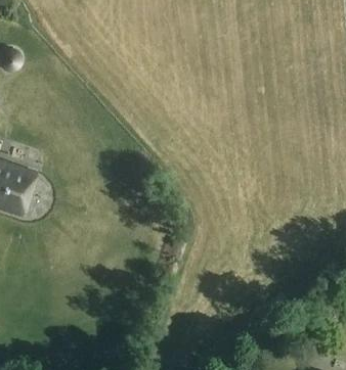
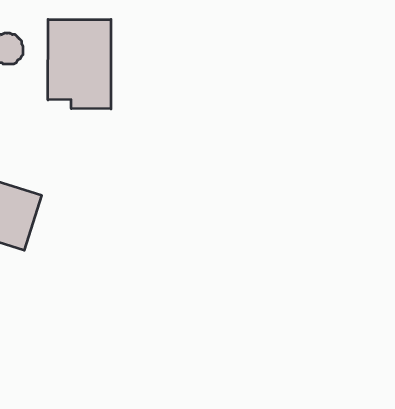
building: none -> [48,19,111,109]

